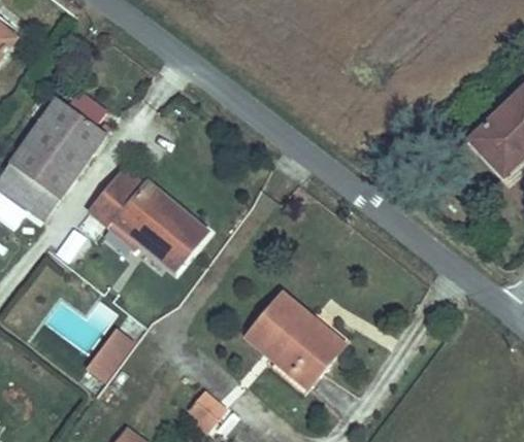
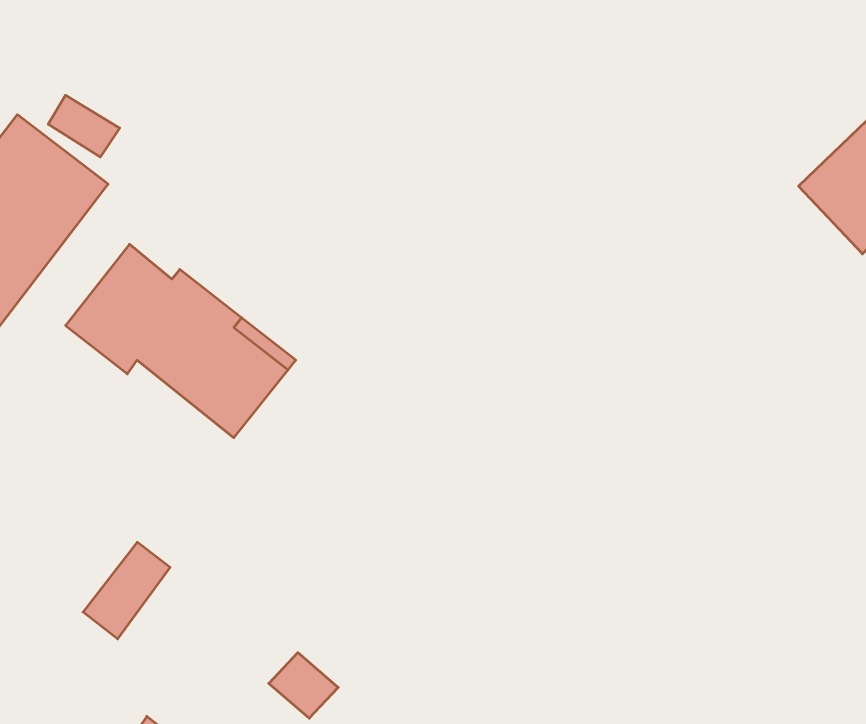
building: [240,293,341,390] -> none

